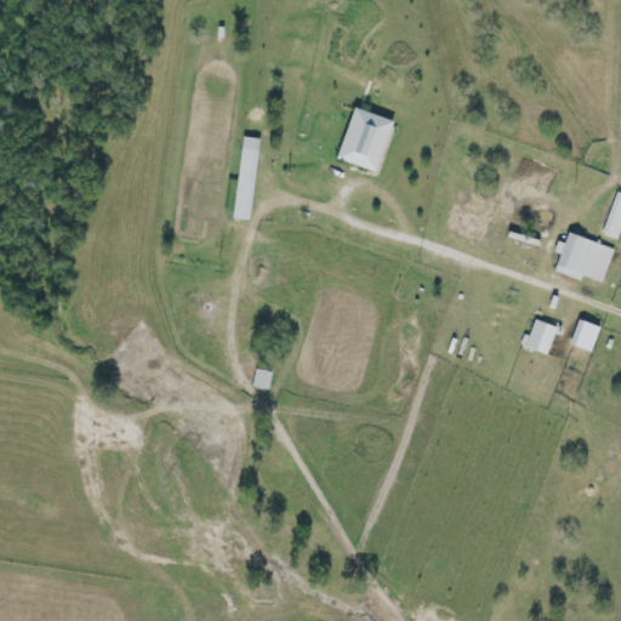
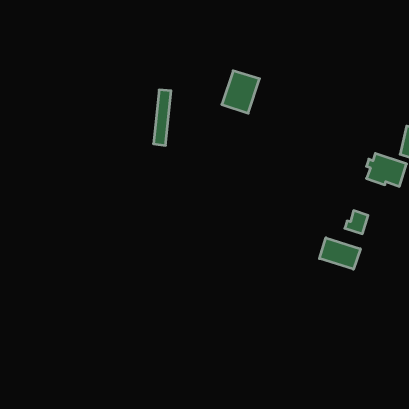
building: [571,318,602,352] -> none
building: none -> [319,238,360,269]

